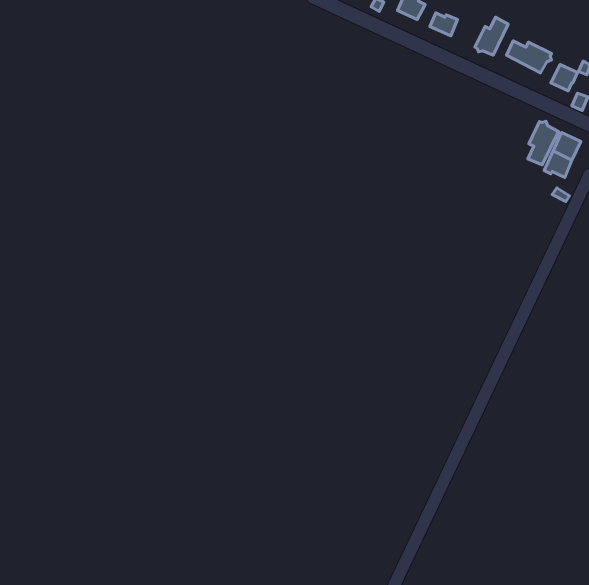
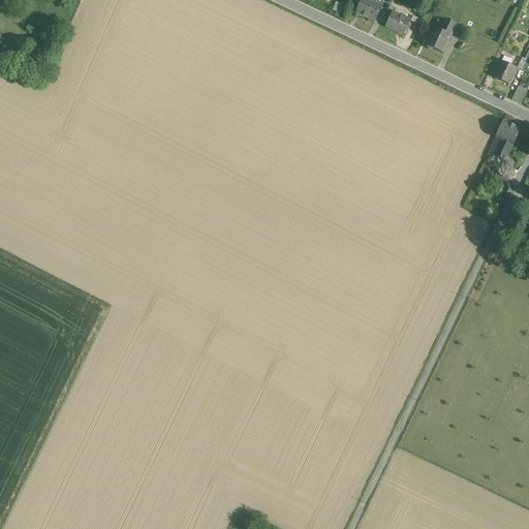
building: [507,41,552,73] -> none
building: [528,121,558,165] -> none

